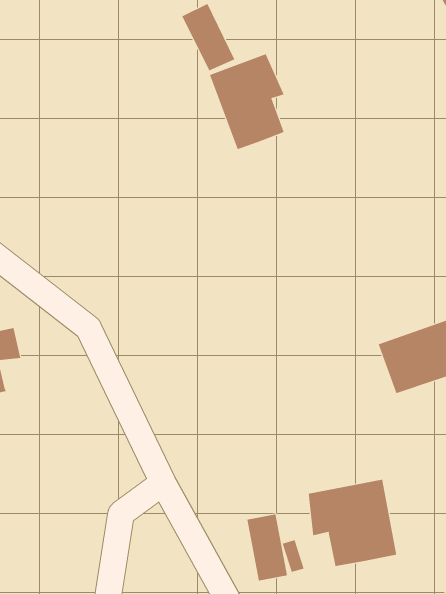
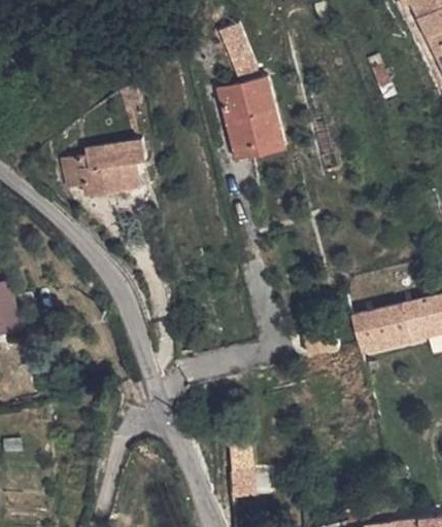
building: none -> [71,142,140,209]
building: [308,479,397,567] -> none

